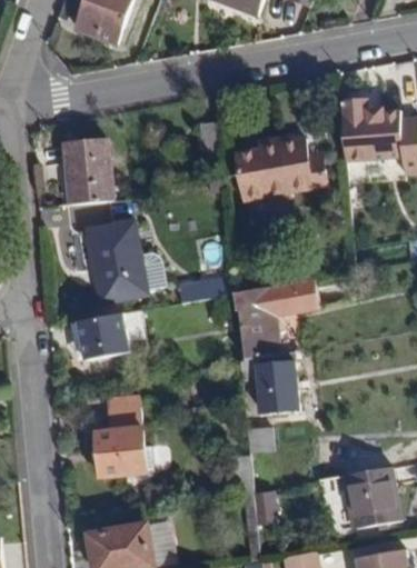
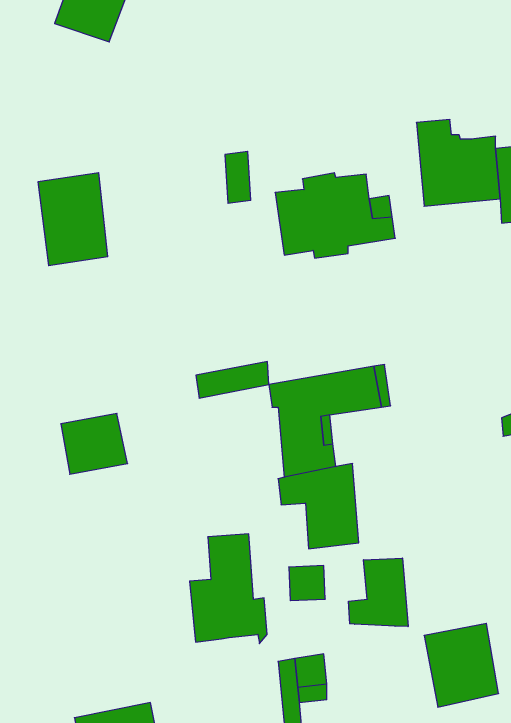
building: [87,220,165,302] -> none
building: [95,398,151,478] -> [190,534,267,644]
building: none -> [349,558,408,627]

